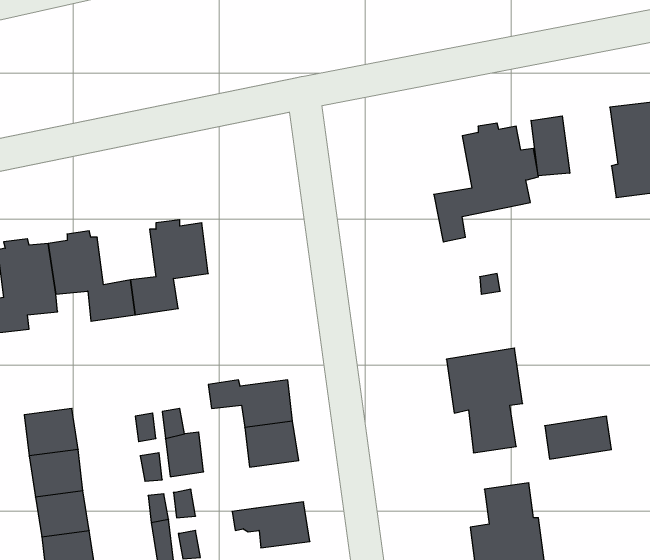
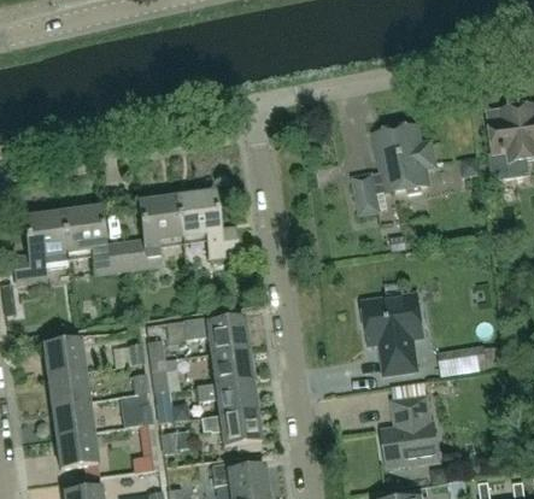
building: [531,116,570,176] -> none
building: none -> [178,188,239,257]
building: none -> [198,378,256,415]

